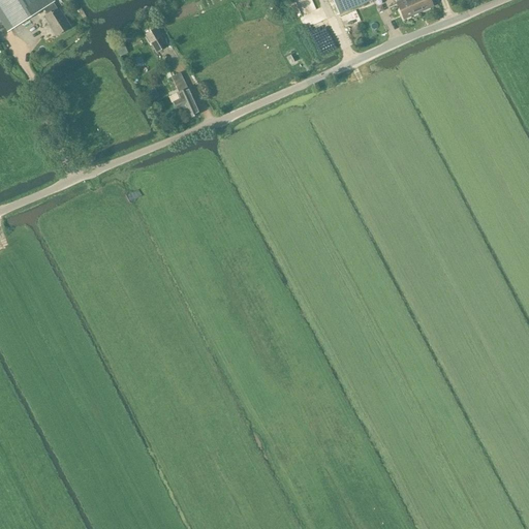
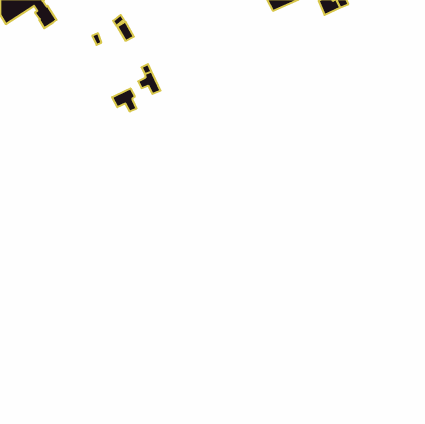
building: none -> [112,88,136,112]

